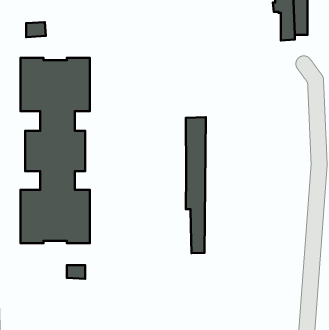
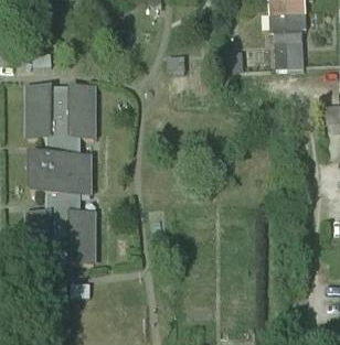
building: [186,117,206,253] -> none

